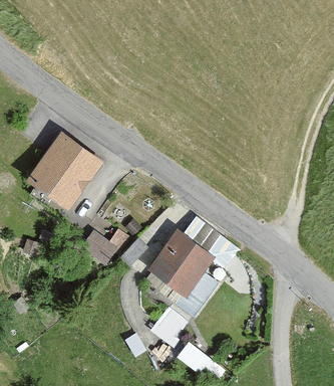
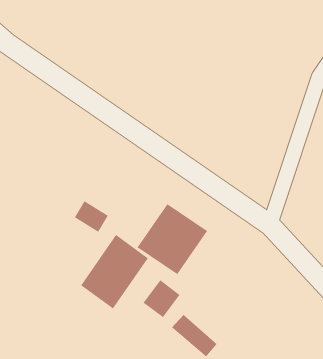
building: [29,135,101,210] -> none
building: none -> [80,234,149,310]

